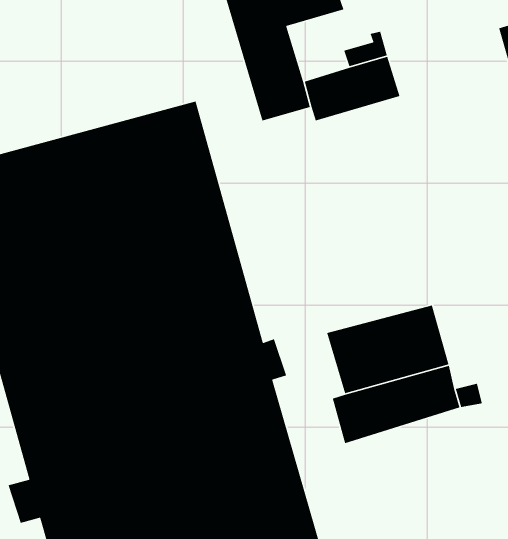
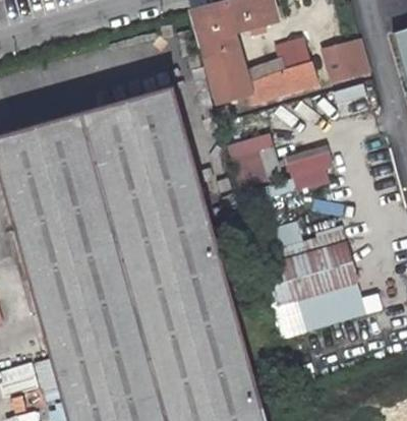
building: none -> [327,42,369,80]
building: none -> [229,130,276,188]
building: none -> [288,146,336,189]

